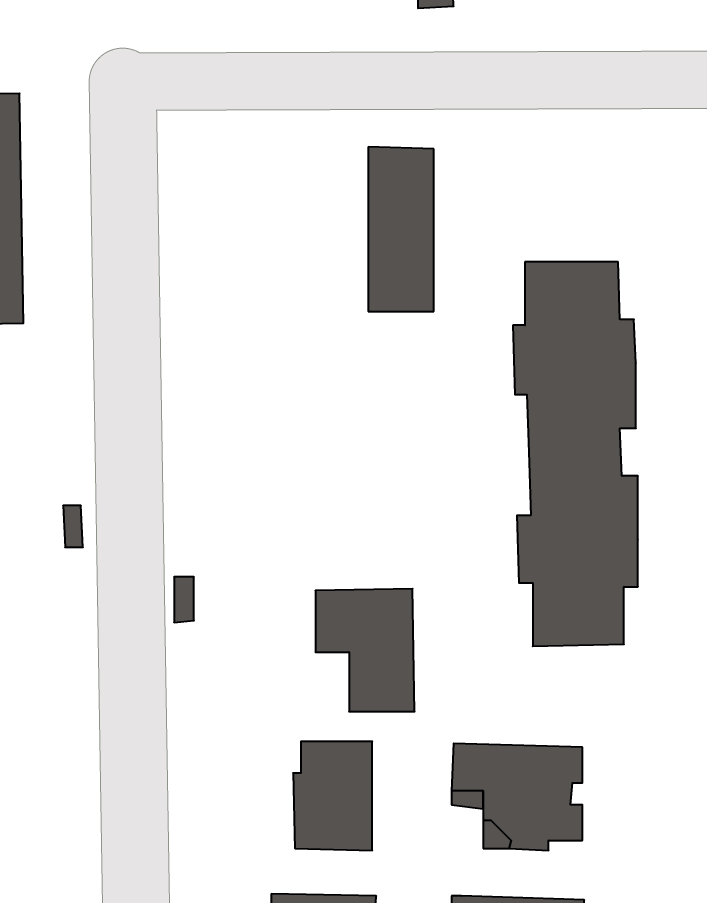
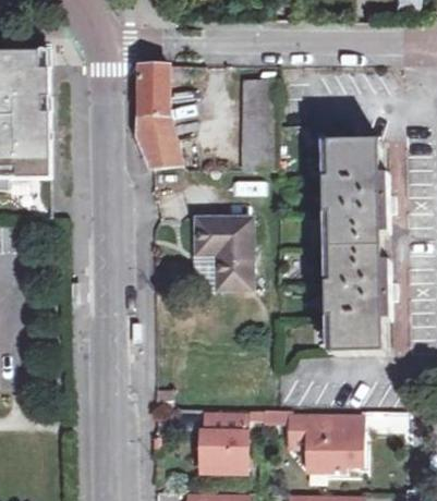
building: none -> [135,68,180,168]
building: [315,589,415,712] -> [195,221,250,289]

